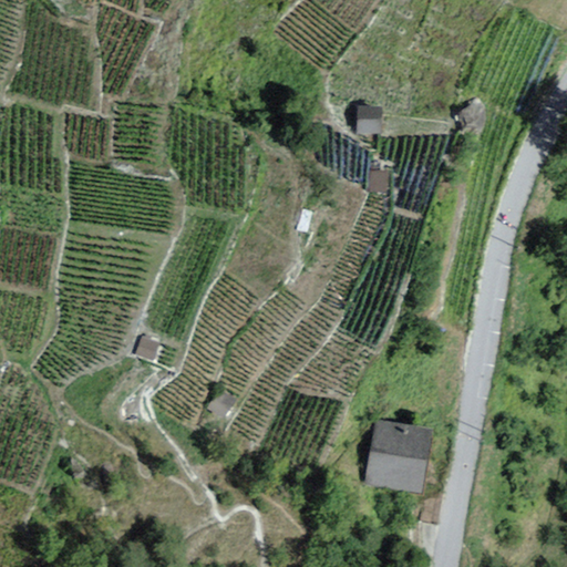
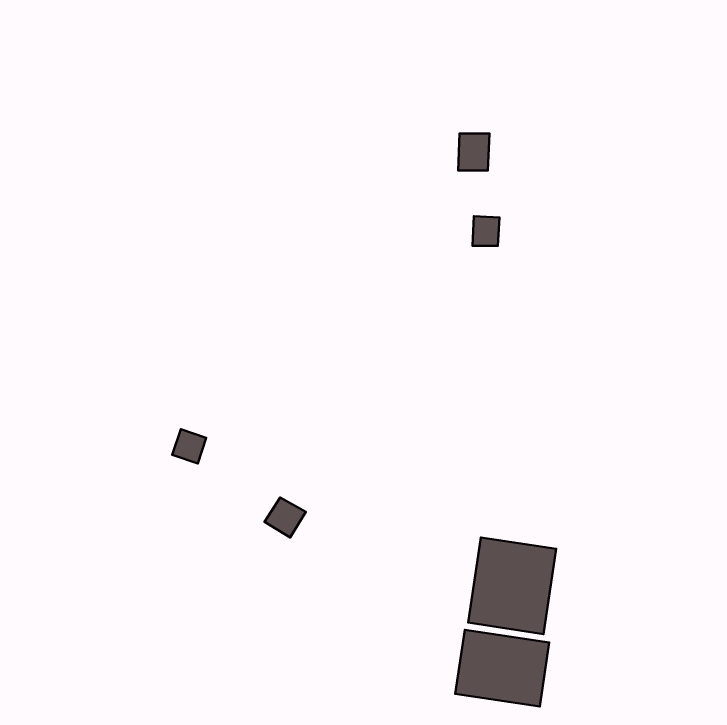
building: none -> [455,630,549,706]

